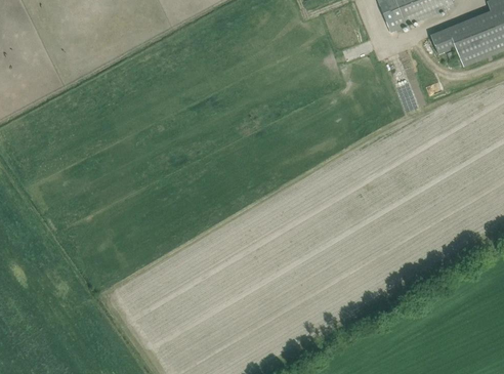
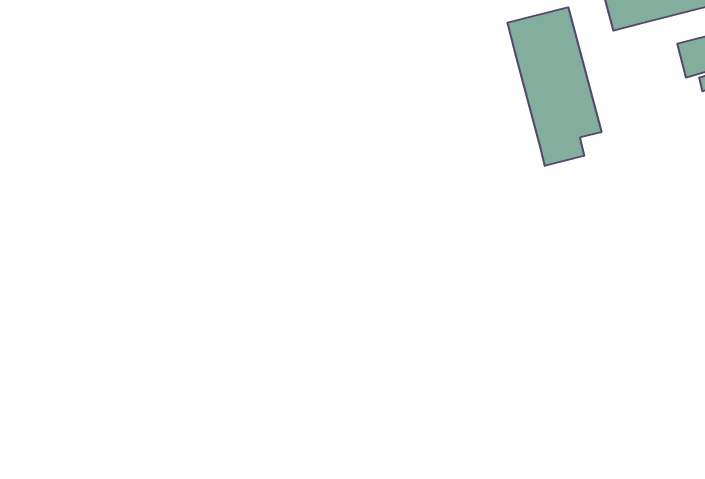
building: none -> [507,7,601,166]

